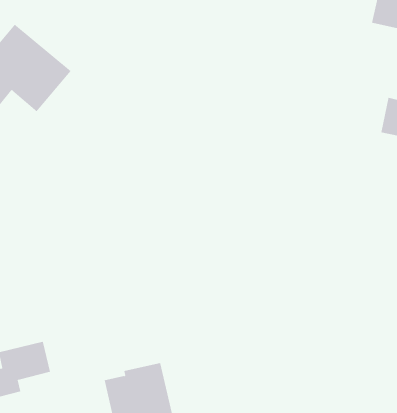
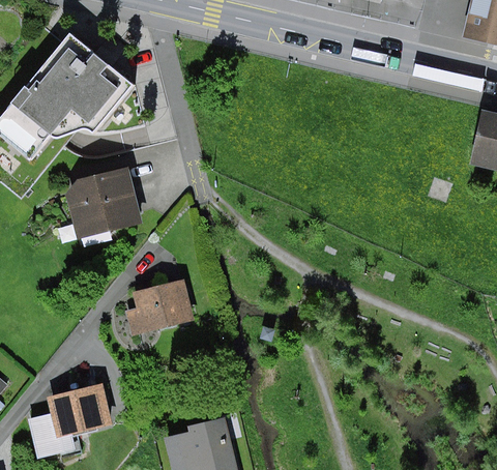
building: none -> [67,173,130,229]
building: none -> [128,282,191,331]

